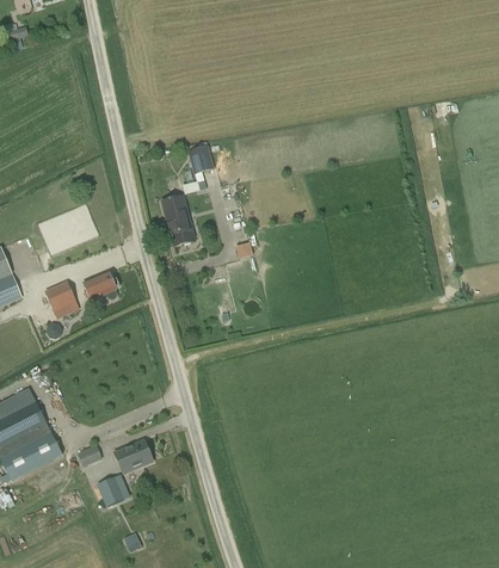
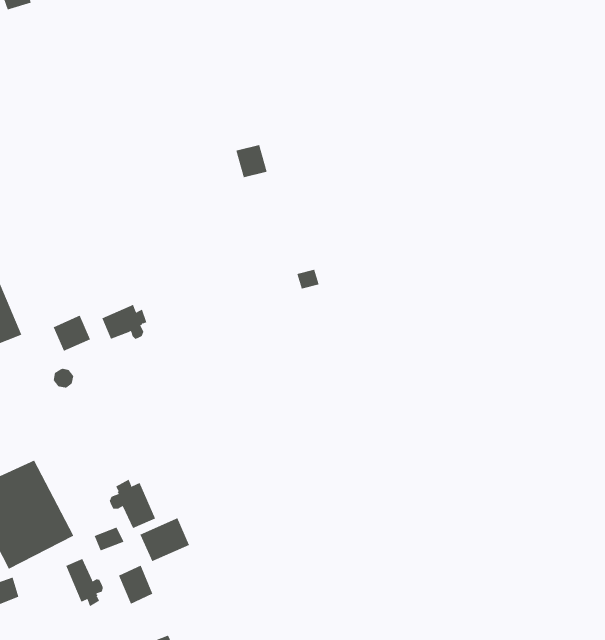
building: [161,195,192,246] -> none
building: none -> [109,479,156,529]
building: none -> [66,558,103,607]

